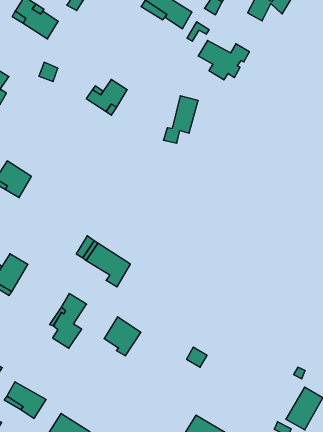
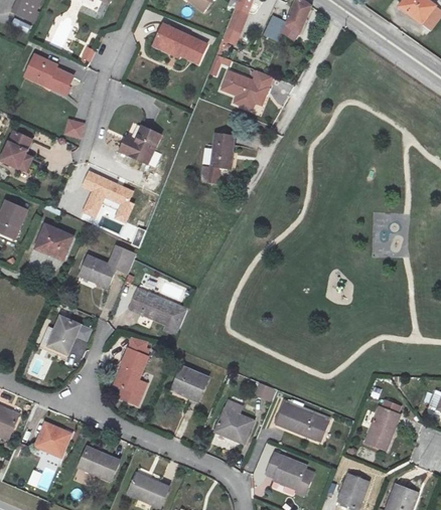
building: none -> [80,169,134,223]
building: none -> [78,246,130,289]
building: none -> [215,401,254,443]
building: none -> [278,405,324,441]

